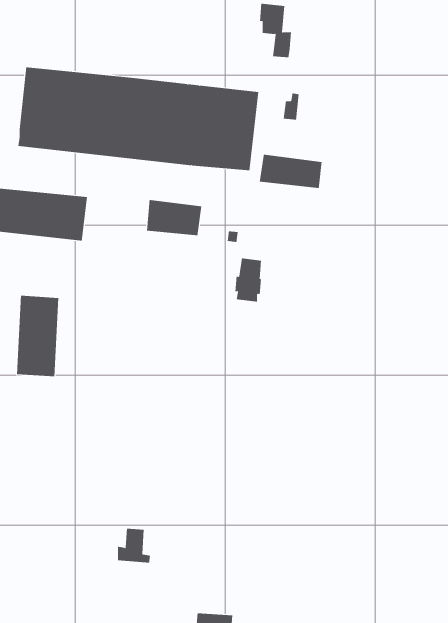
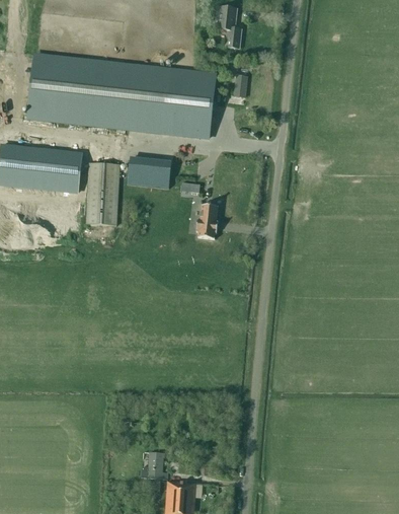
building: [259,154,322,189] -> none
building: [16,295,59,377] -> [86,162,119,226]
building: [117,528,151,563] -> [142,452,168,480]

